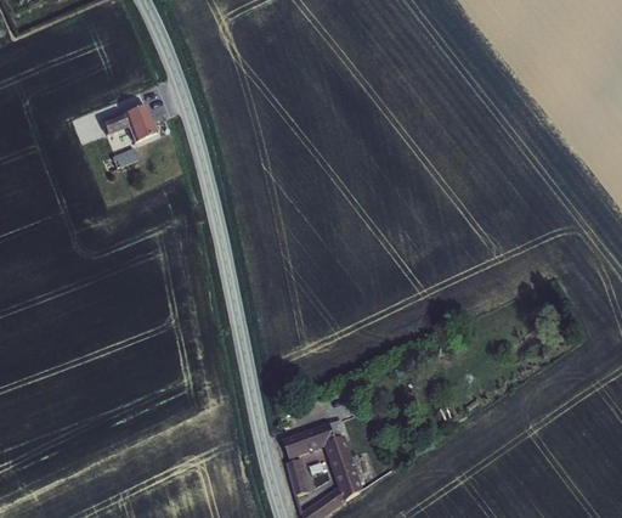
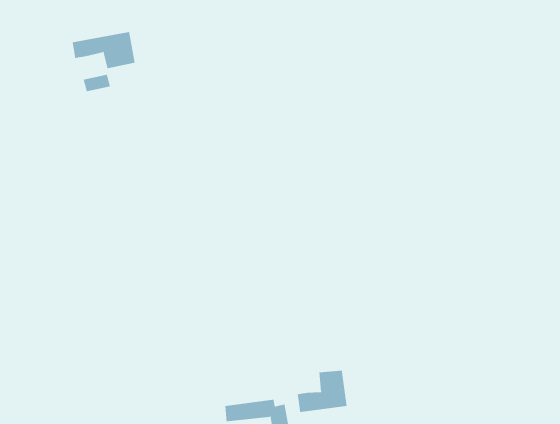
building: none -> [297,370,347,413]

